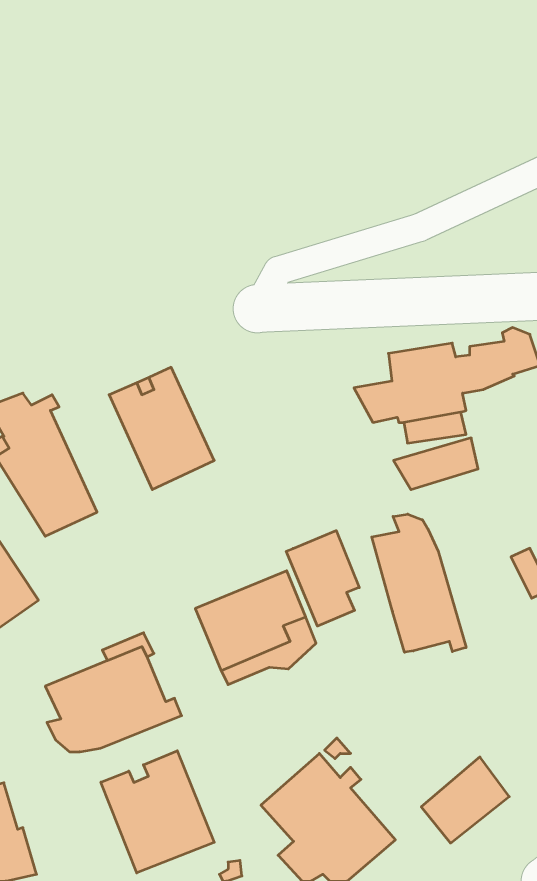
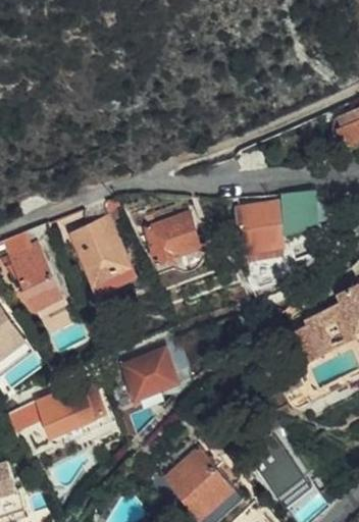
building: none -> [145,213,200,264]
building: [372,514,466,652] -> none
building: [286,531,359,626] -> none
building: [101,751,214,873] -> none

